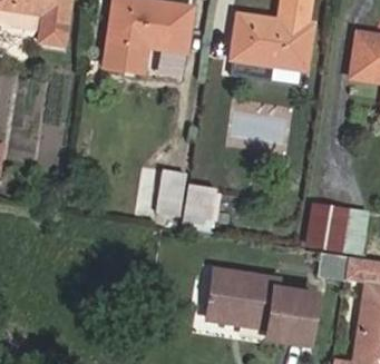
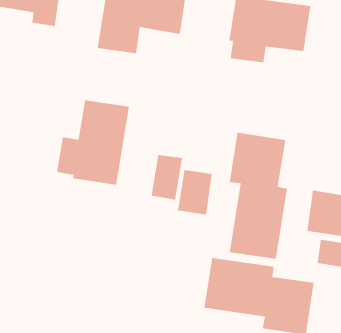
building: none -> [57,100,129,185]
building: none -> [229,132,288,260]

